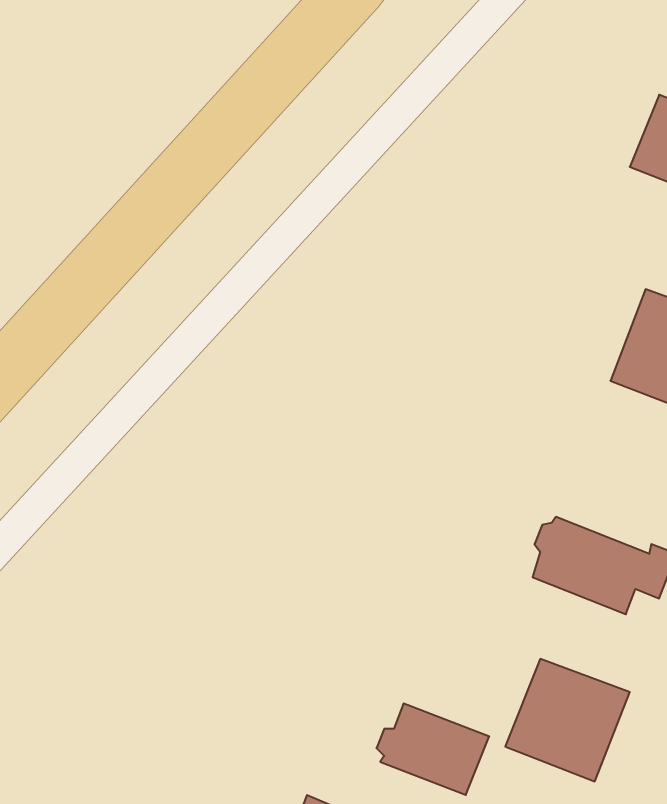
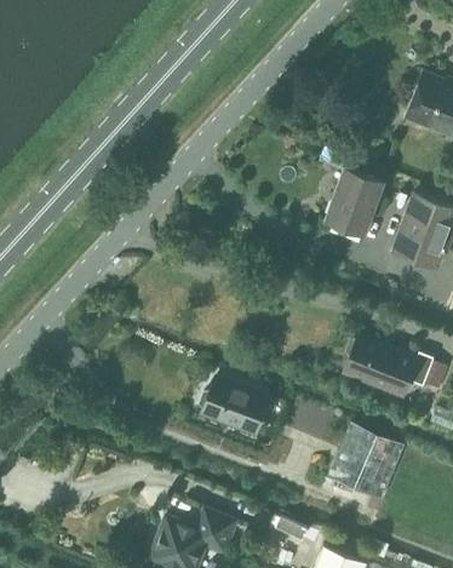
building: none -> [328,168,389,231]
building: [376,703,489,795] -> [200,375,270,432]

